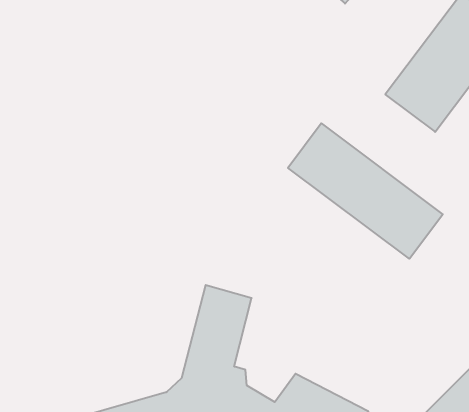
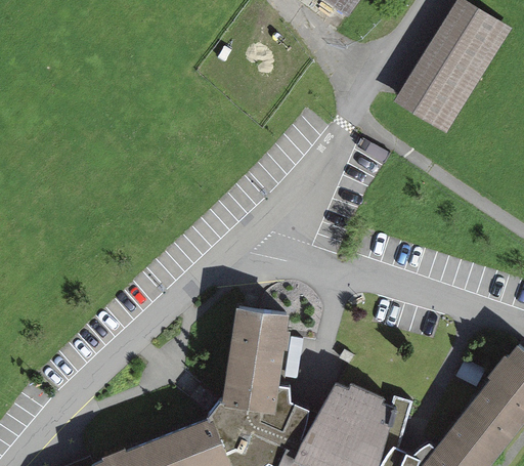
building: [288,123,443,259] -> none

